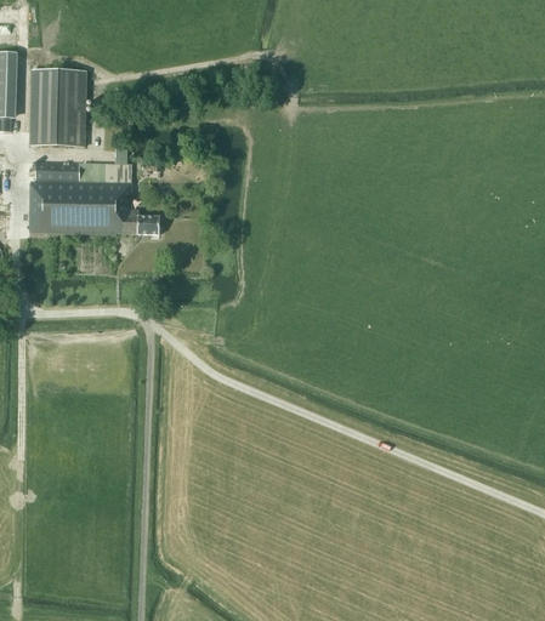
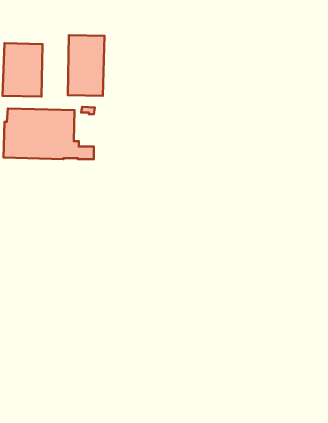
building: none -> [68,35,105,96]

